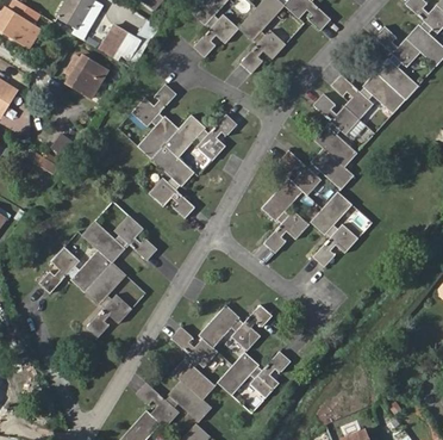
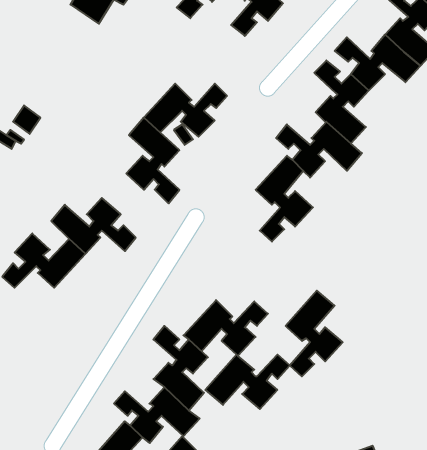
building: [64,56,106,98] -> none
building: [131,83,179,159] -> none
building: [311,190,361,265] -> [286,291,343,376]
building: [86,262,135,336] -> none

